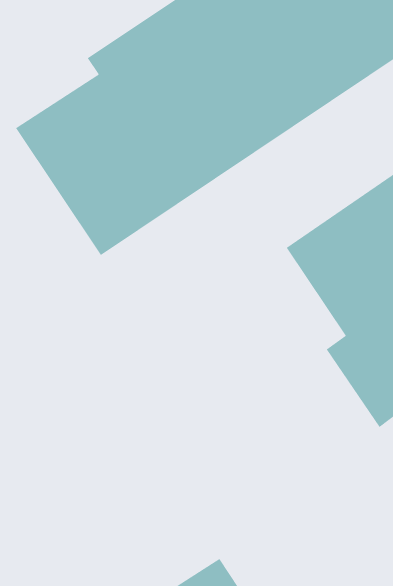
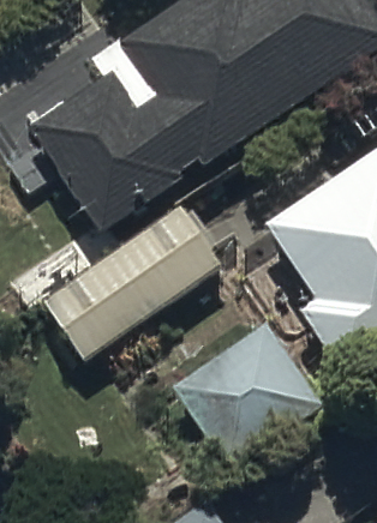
building: none -> [43,203,222,360]
building: none -> [170,321,321,469]

